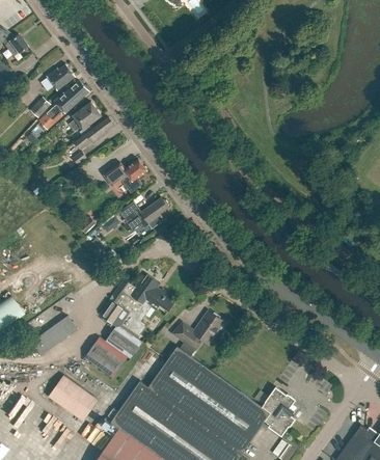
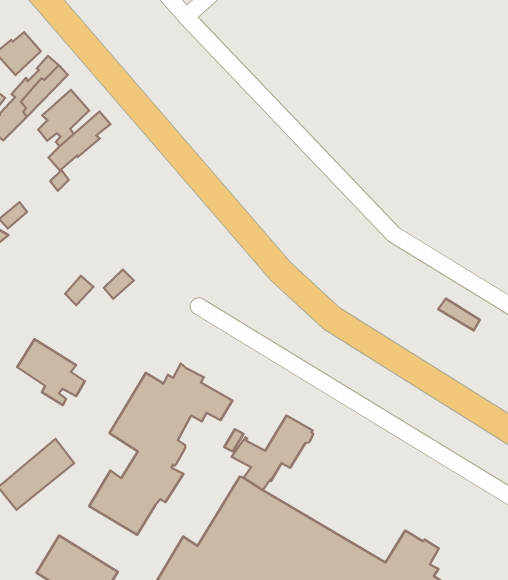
building: [105,160,147,191] -> none
building: [120,199,168,231] -> none
building: none -> [17,339,85,405]

